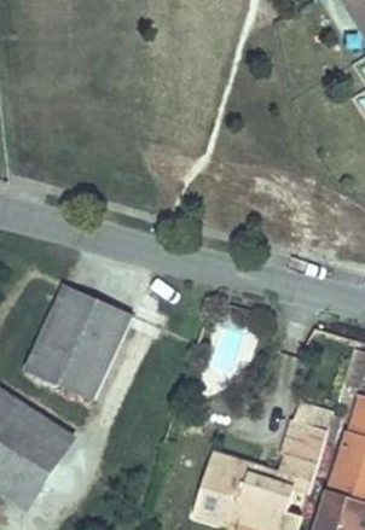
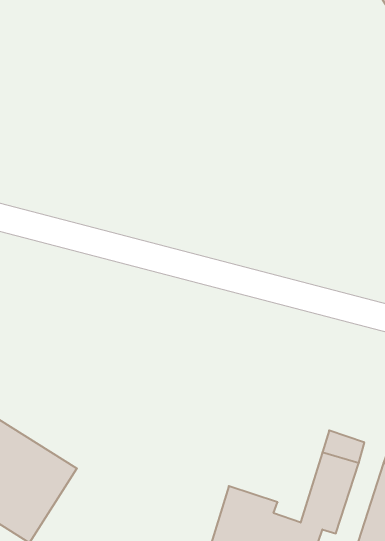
building: [27,280,129,392] -> none

